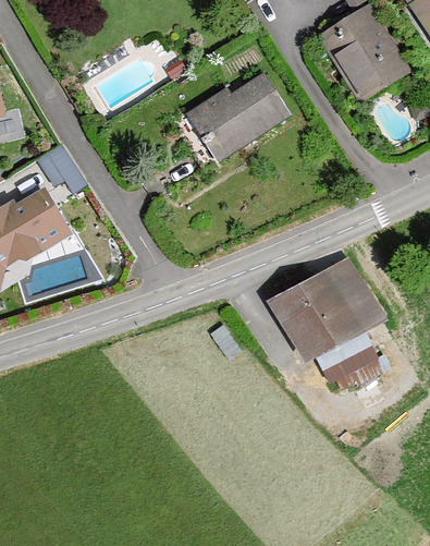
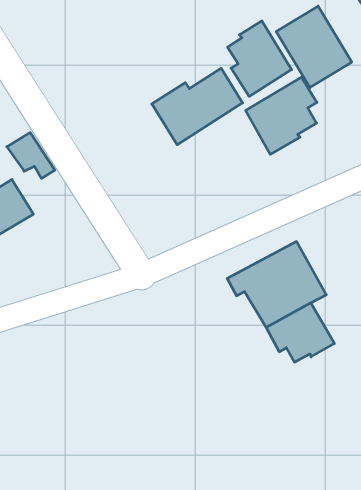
building: none -> [228,21,292,96]
building: none -> [246,77,317,154]

